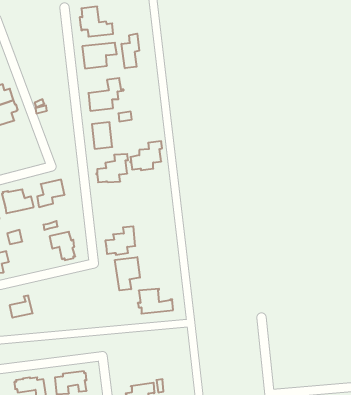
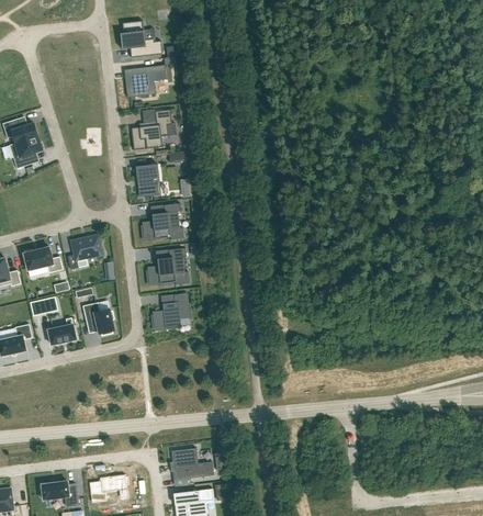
building: [122,34,139,68] -> none
building: [130,141,162,170] -> [146,247,186,283]
building: [115,257,140,290] -> none
building: [138,289,173,314] -> [169,448,213,479]
building: [10,296,33,318] -> [47,317,76,345]

